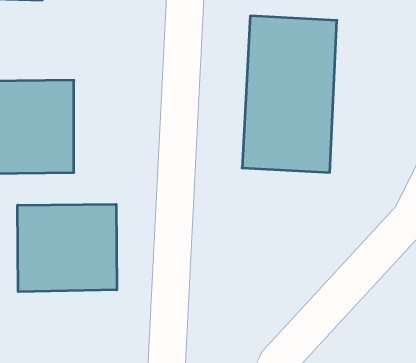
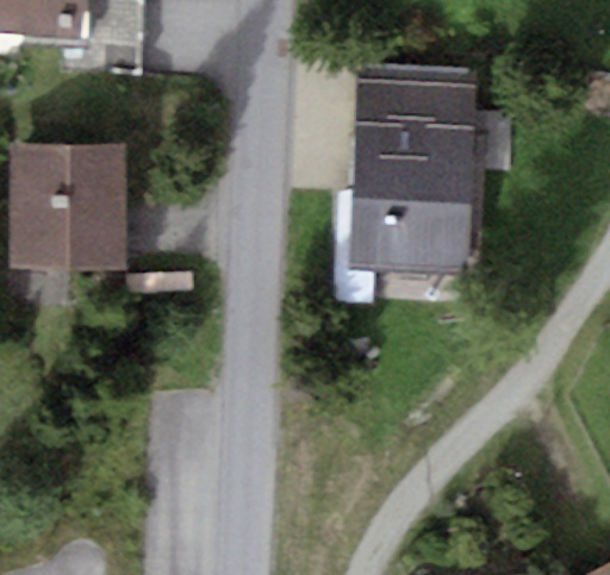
building: [18,204,117,292] -> none

